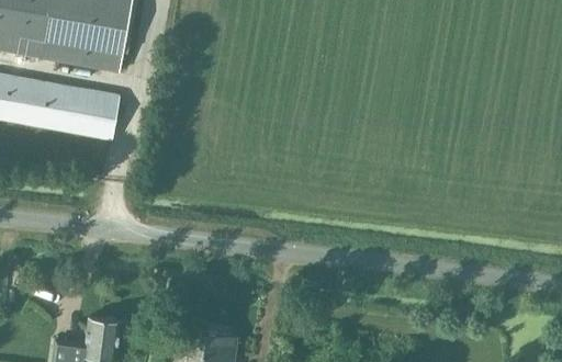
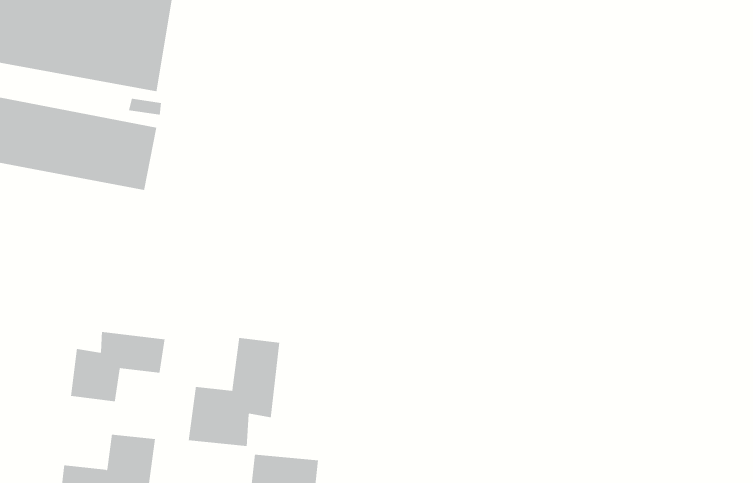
building: none -> [71,331,165,402]
building: none -> [188,337,280,447]

